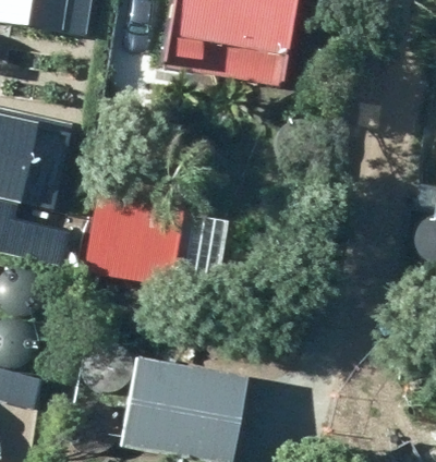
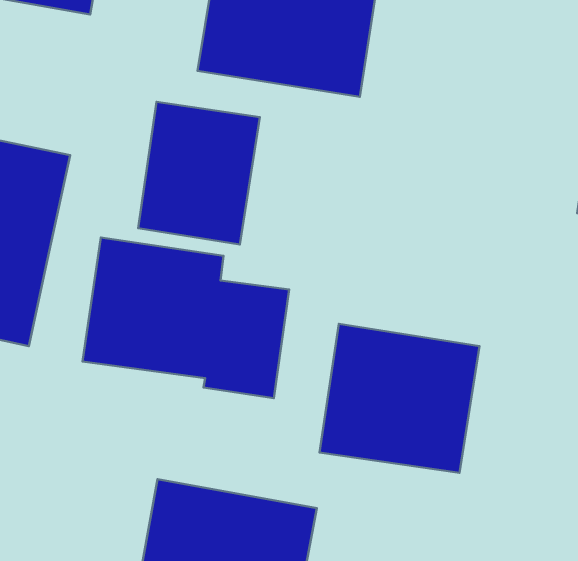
building: none -> [138,102,260,244]
building: none -> [319,324,480,473]

